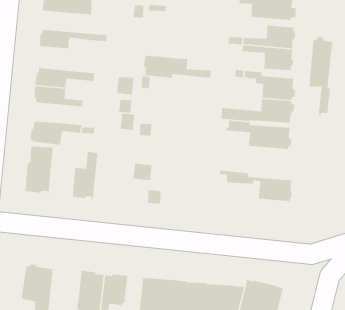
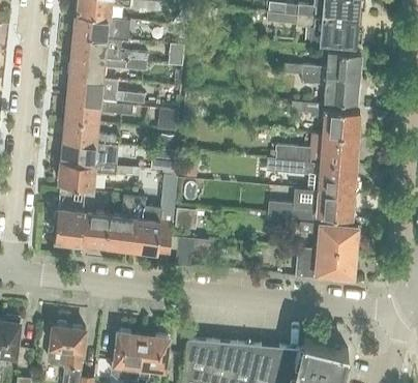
building: none -> [70,35,147,62]
building: [309,37,333,116] -> none
building: [143,55,212,78] -> [66,76,145,102]
building: none -> [60,140,118,163]
building: none -> [130,175,177,254]
building: none -> [268,188,355,219]
building: none -> [80,190,109,247]
building: none -> [295,247,356,278]

